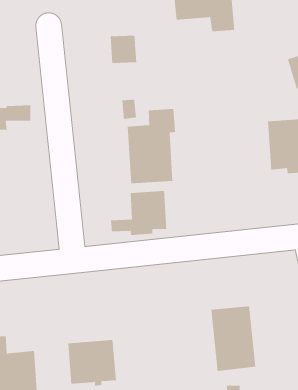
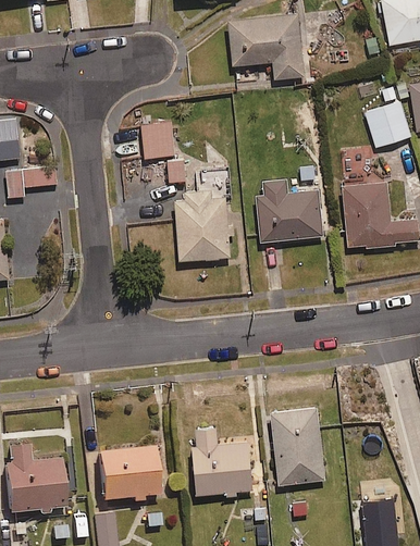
building: [110,35,137,63] -> [140,124,173,158]
building: none -> [256,181,320,240]
building: [110,190,167,236] -> none
building: none -> [195,425,254,498]

